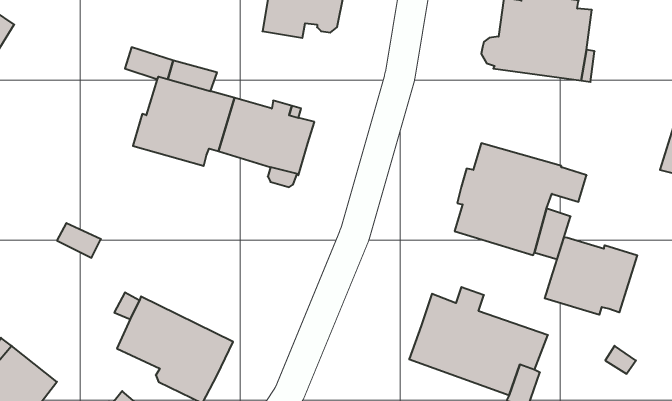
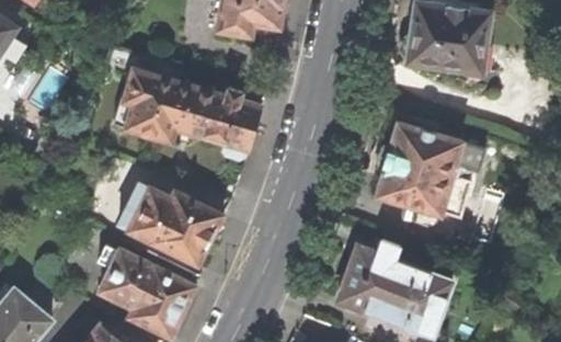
building: none -> [119,186,224,266]
building: [545,237,637,315] -> none

